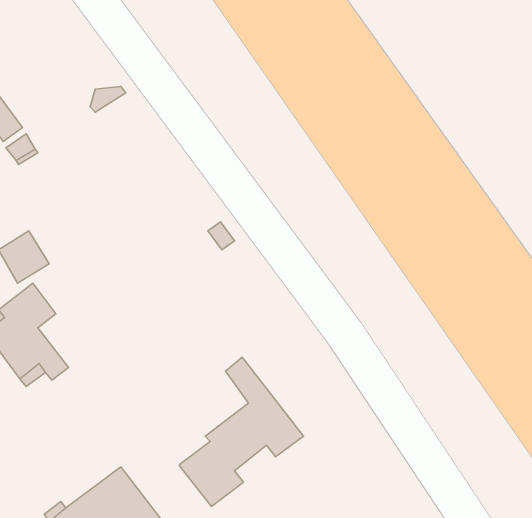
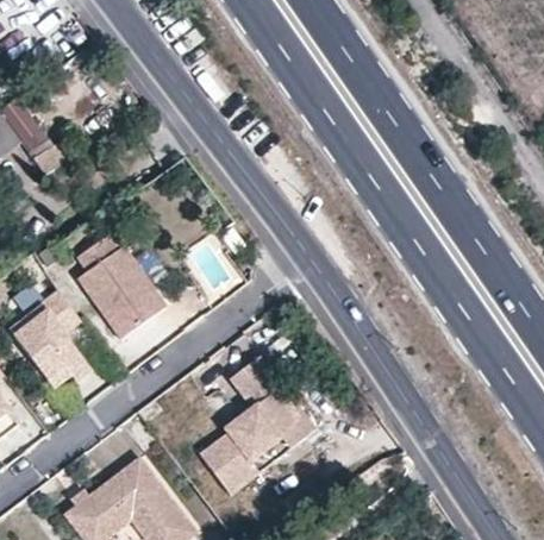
building: none -> [75,233,167,337]

